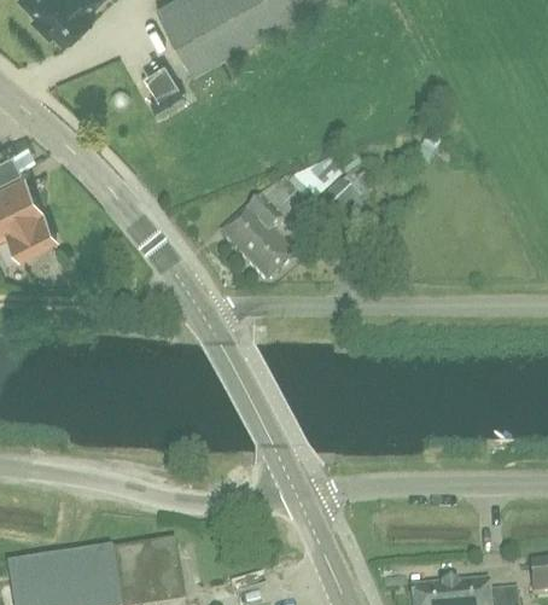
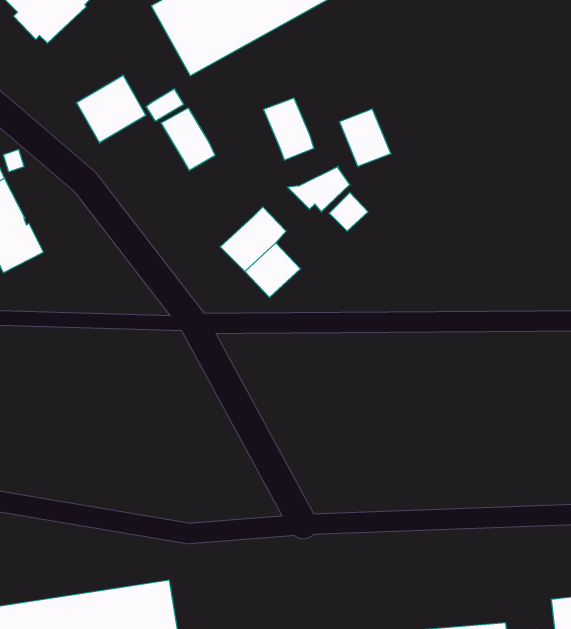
building: none -> [76,75,146,143]
building: none -> [264,98,314,160]
building: none -> [161,108,215,171]
building: none -> [339,109,391,167]

